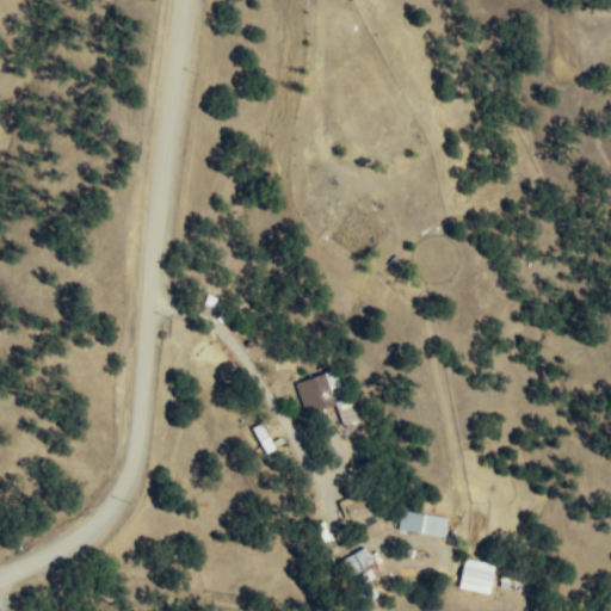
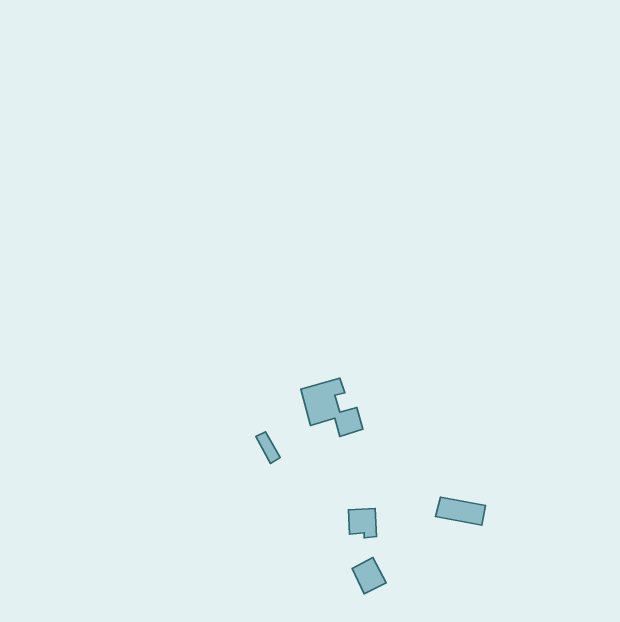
building: [400,511,449,538] -> [435,497,485,525]
building: [459,560,495,594] -> none

